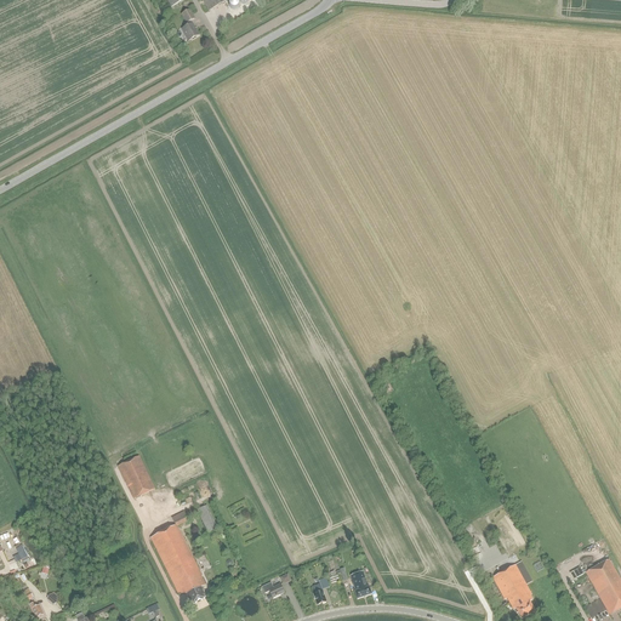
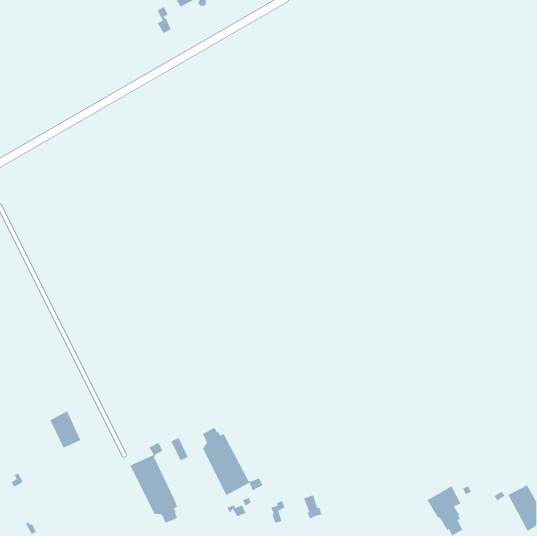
building: [118,454,154,497] -> [50,411,81,449]
building: none -> [202,427,263,496]

